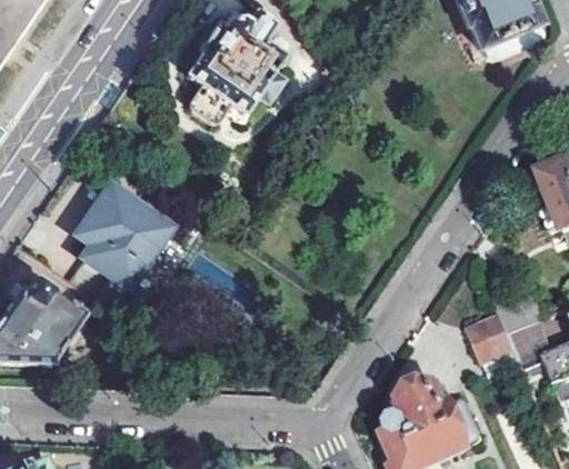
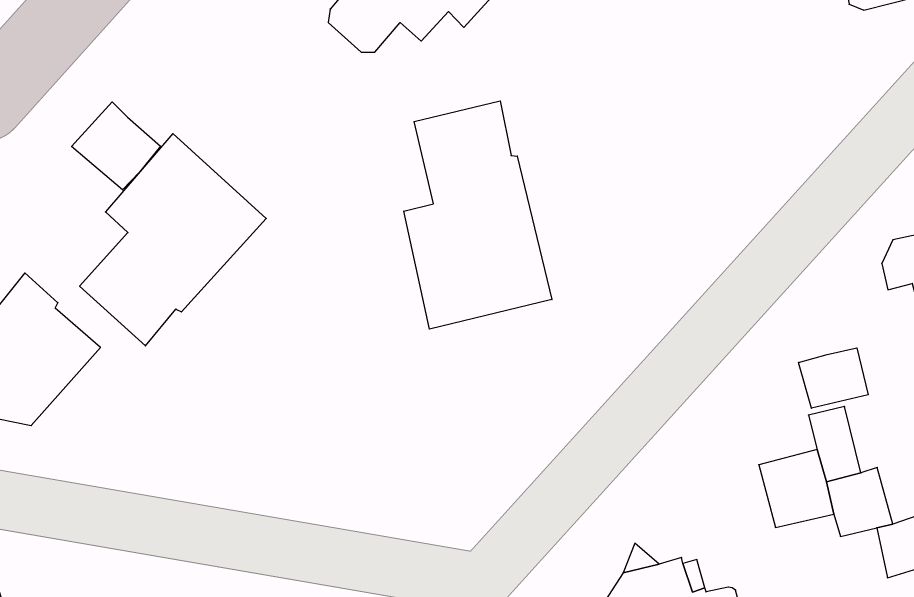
building: none -> [404,101,552,329]
building: none -> [72,102,160,190]
building: none -> [799,348,868,408]

